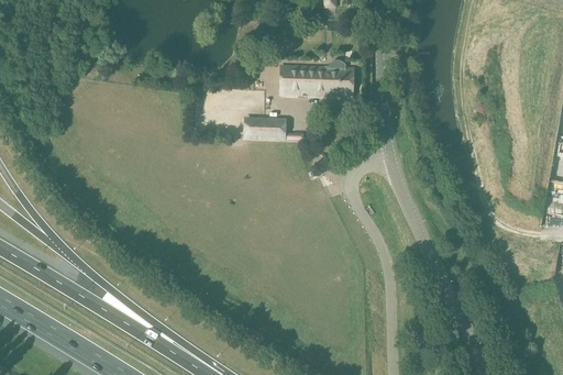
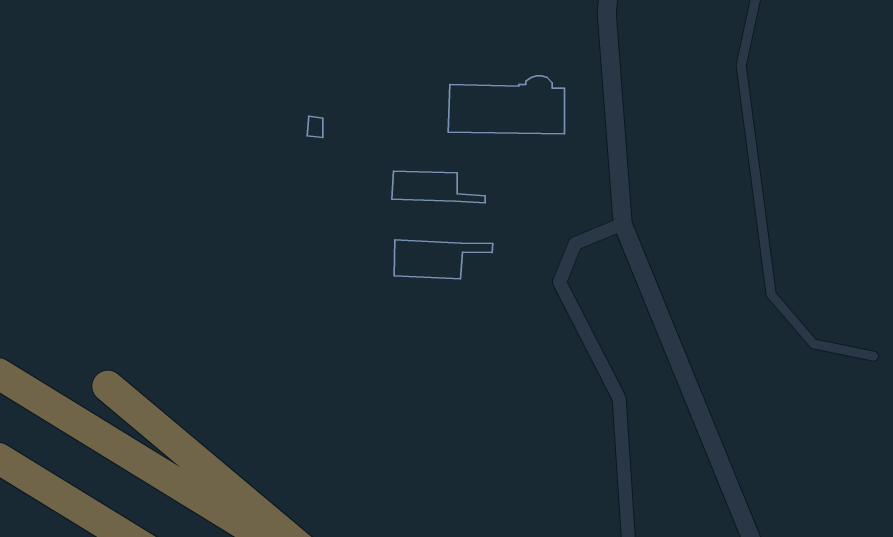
building: none -> [394,240,493,279]

